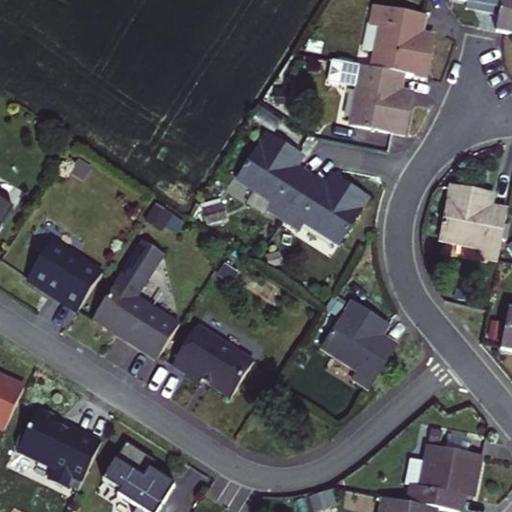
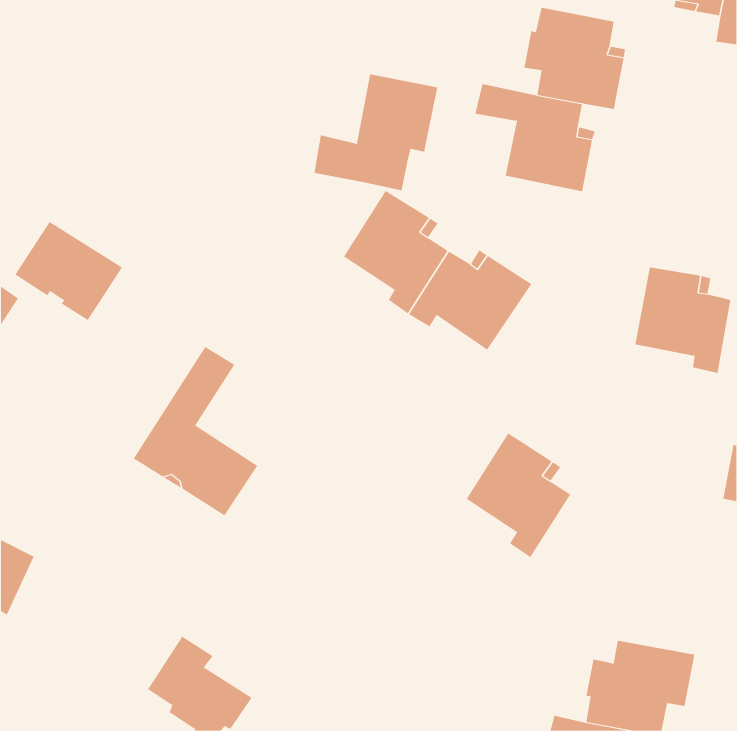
building: none -> [314,74,438,191]
building: [27,239,102,308] -> [15,221,123,321]
building: [172,324,253,396] -> none
building: [16,405,101,488] -> none

